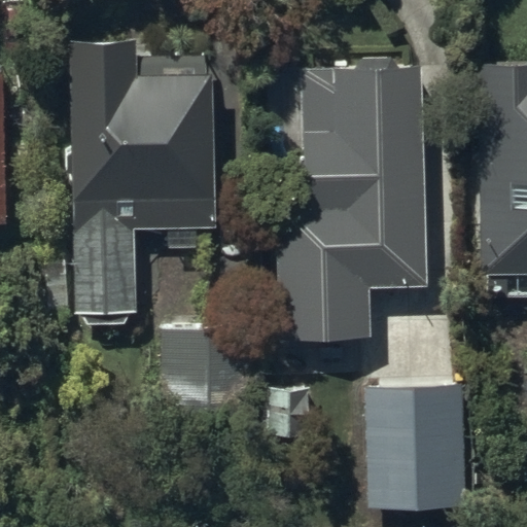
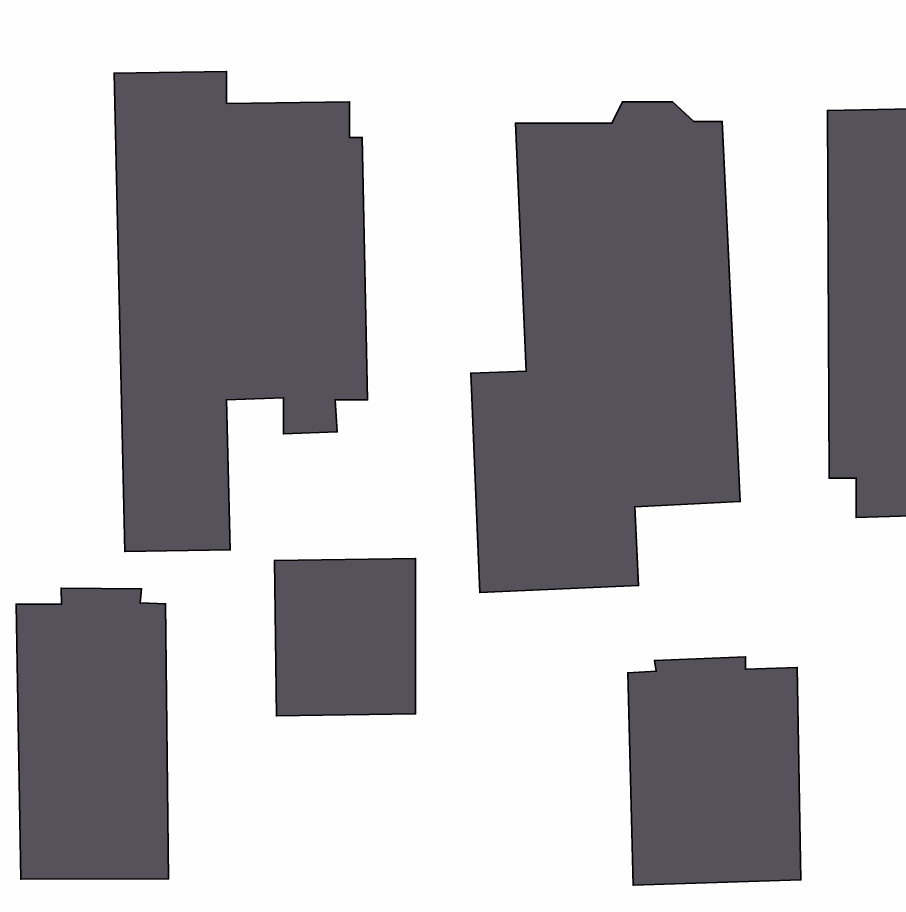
building: none -> [16,588,169,879]

